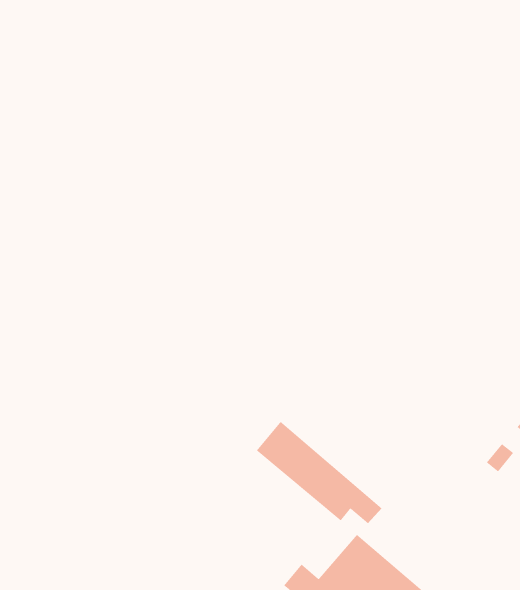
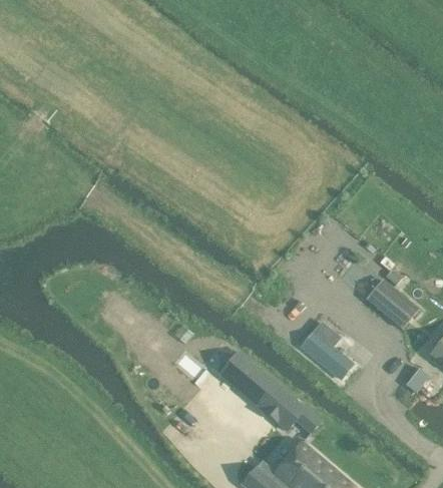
building: none -> [366,280,417,328]
building: none -> [300,320,354,379]

